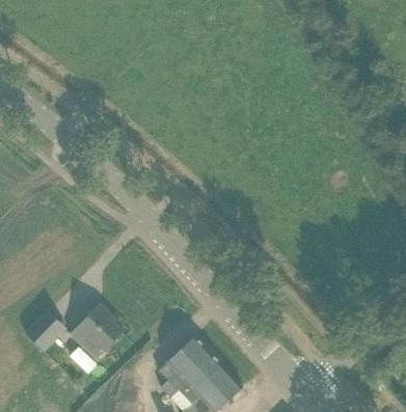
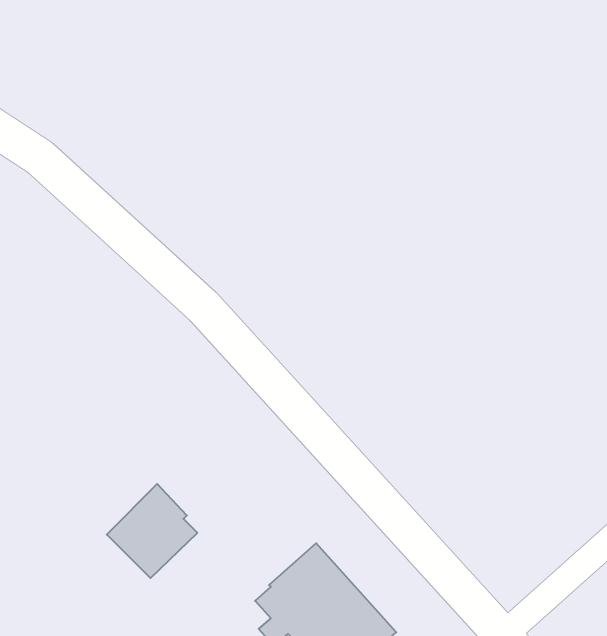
building: [23,308,65,351] -> none

